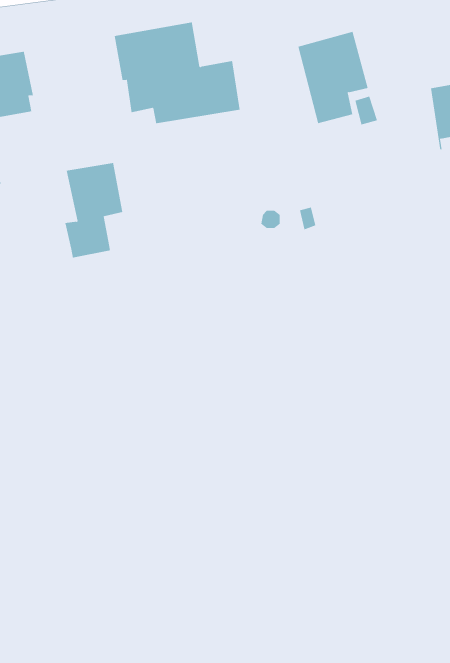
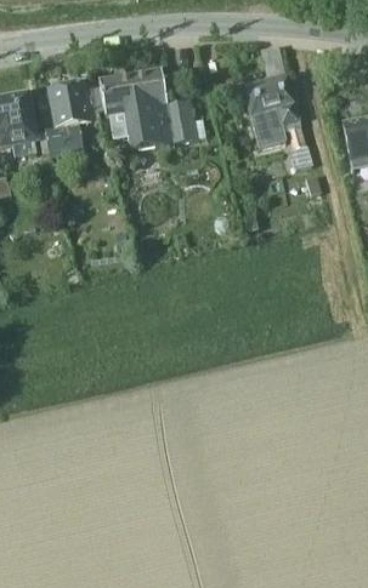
building: [64,163,123,258] -> [45,82,91,158]

